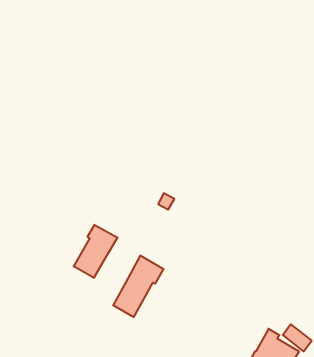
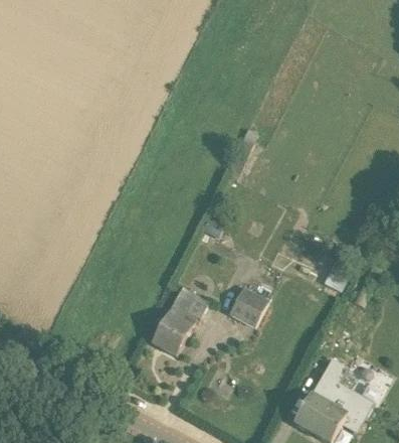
building: [74,225,117,278] -> none
building: none -> [227,287,266,327]

